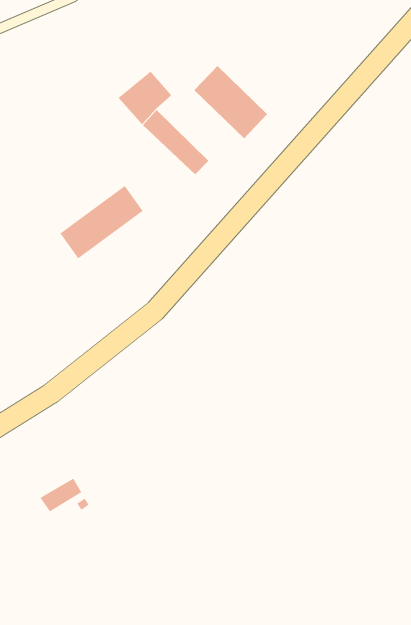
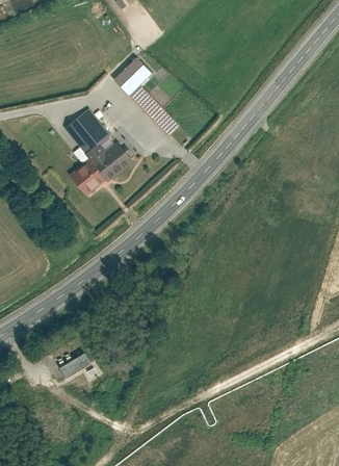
building: [194,65,268,139] -> none
building: none -> [63,108,110,155]

